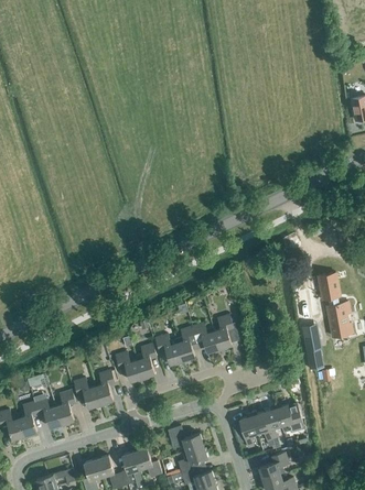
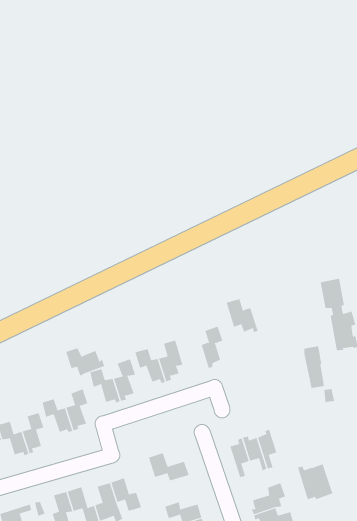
building: [191,323,219,352] -> [226,299,258,332]
building: none -> [65,347,105,377]
building: [273,401,305,433] -> [297,464,333,500]
building: [176,445,206,472] -> none

